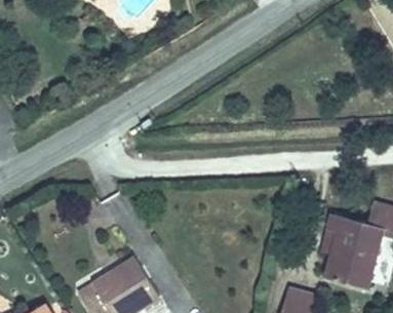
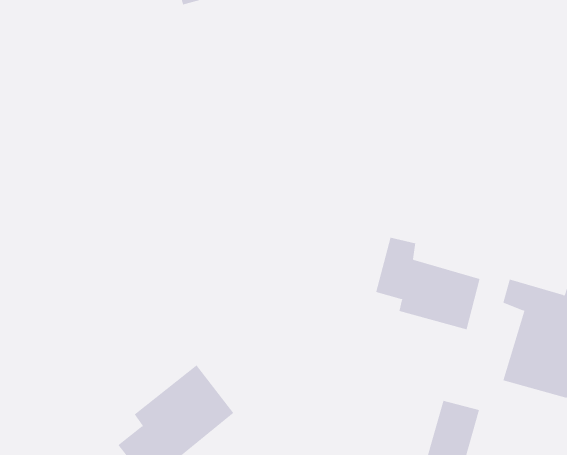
building: none -> [375,237,480,330]

